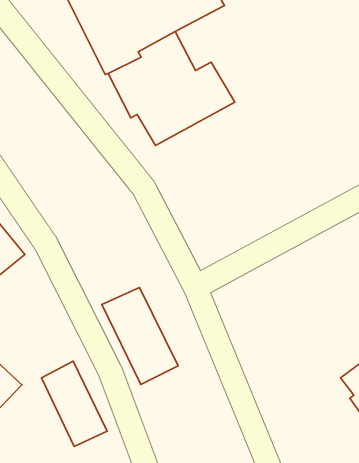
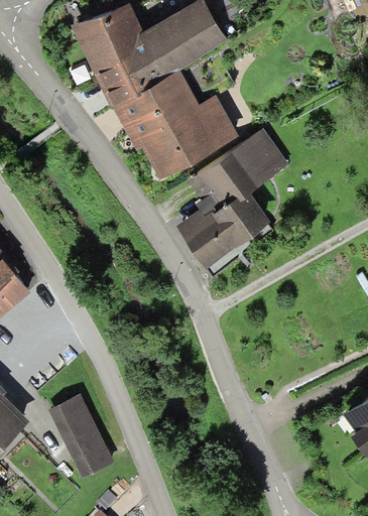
building: none -> [176,133,288,270]
building: [102,287,178,385] -> none

